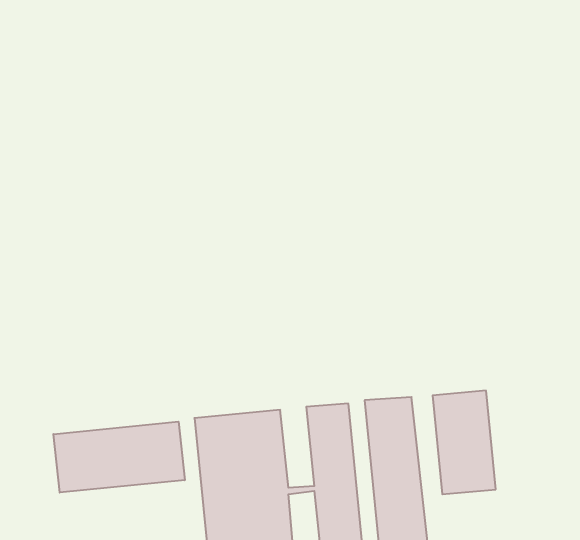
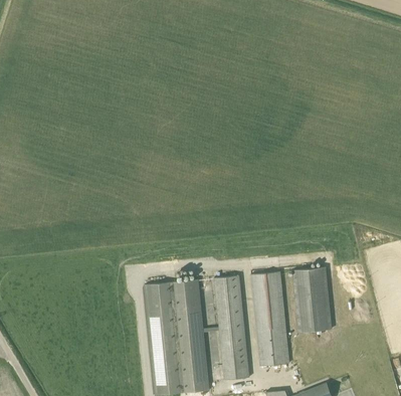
building: [53,422,185,493] -> none

